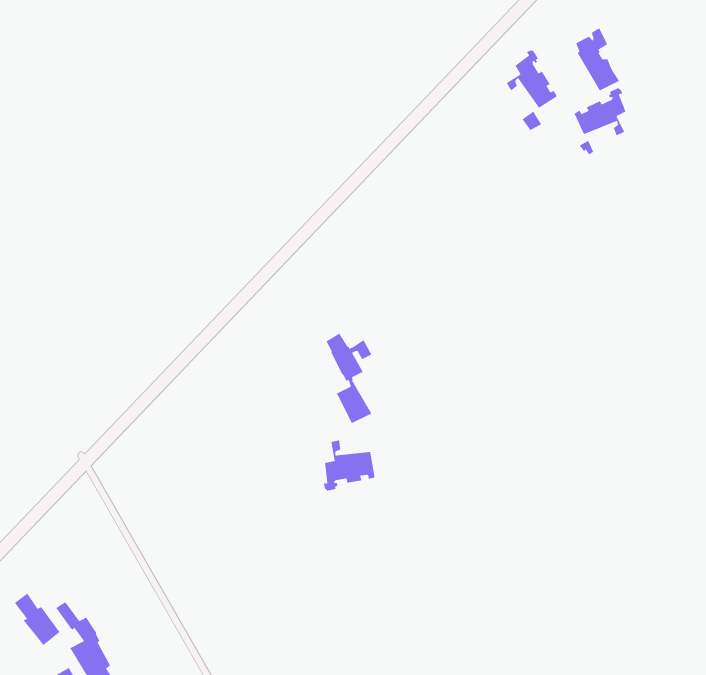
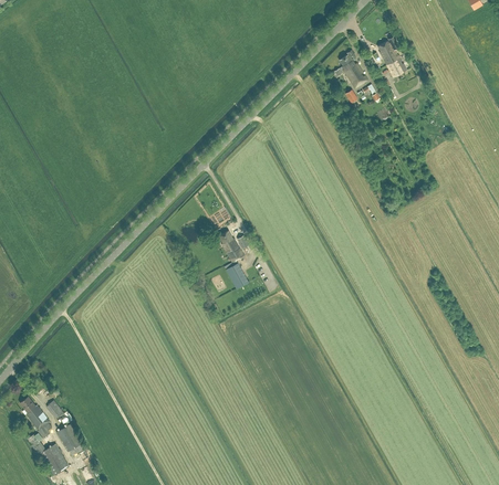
building: [573,87,627,136] -> none
building: [323,440,376,491] -> none

